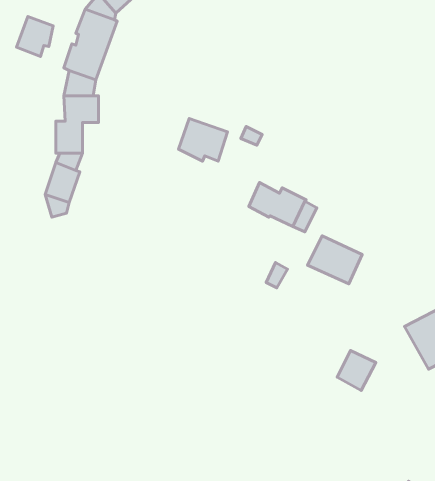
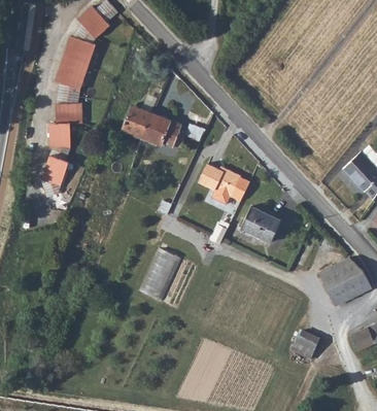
building: [17,17,53,56] -> none
building: none -> [122,106,150,137]
building: none -> [143,248,180,299]
building: [337,350,376,390] -> [293,330,322,361]

